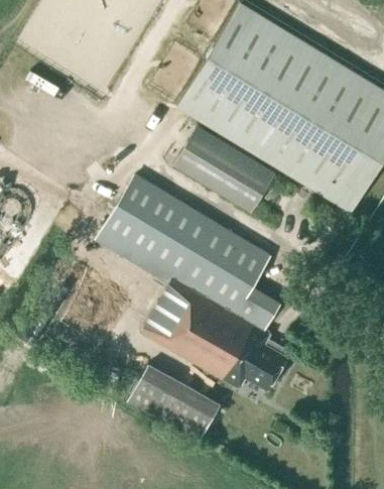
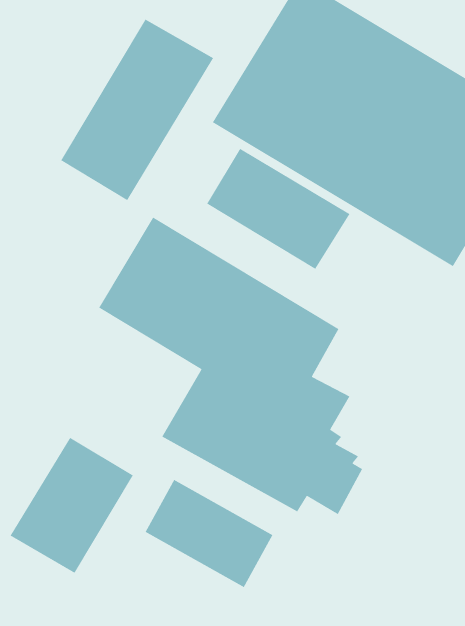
building: none -> [60,18,214,201]
building: none -> [9,437,134,574]

